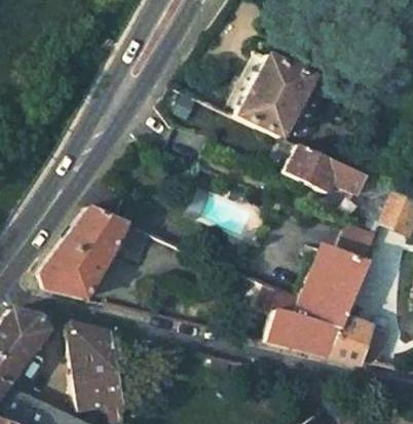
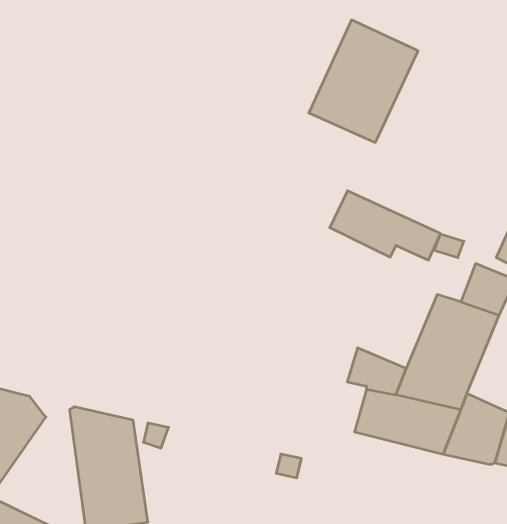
building: [286,147,363,195] -> [330,191,440,260]
building: [39,206,152,299] -> none

